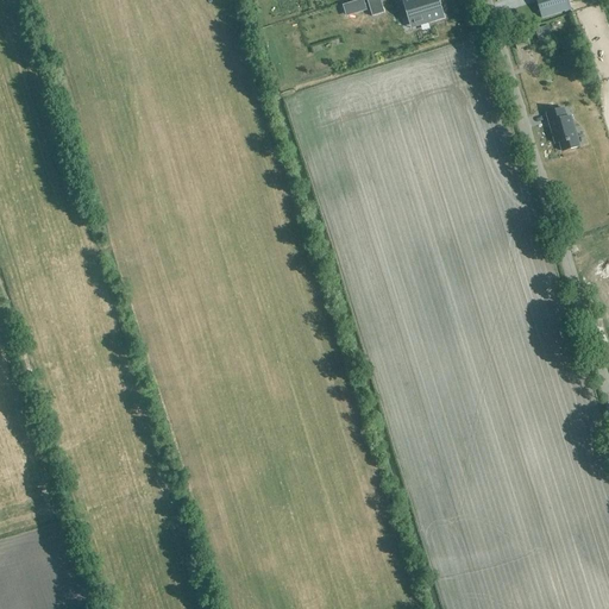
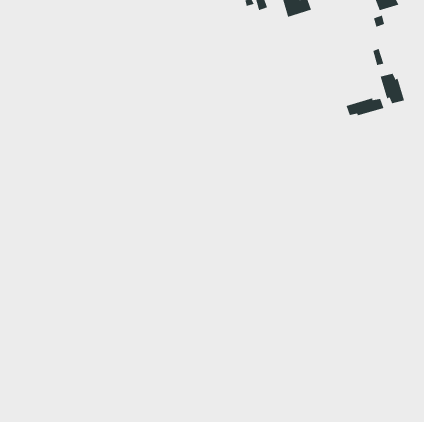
building: none -> [346,98,384,116]

